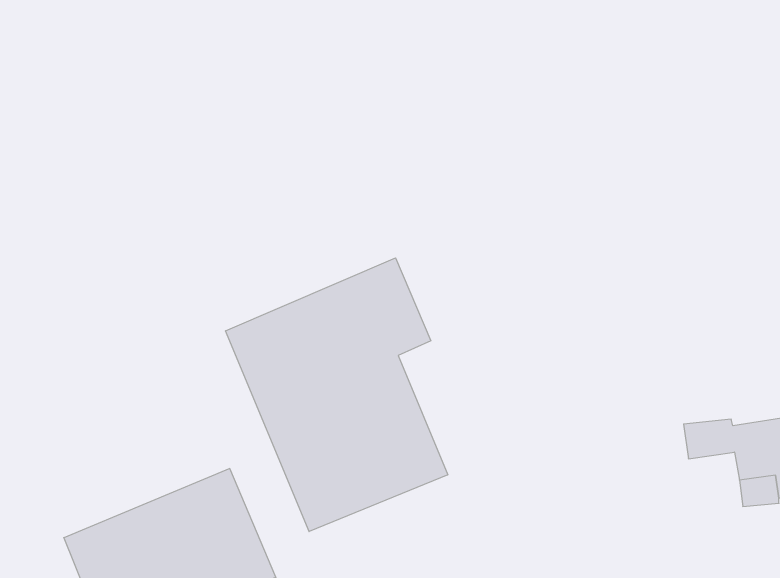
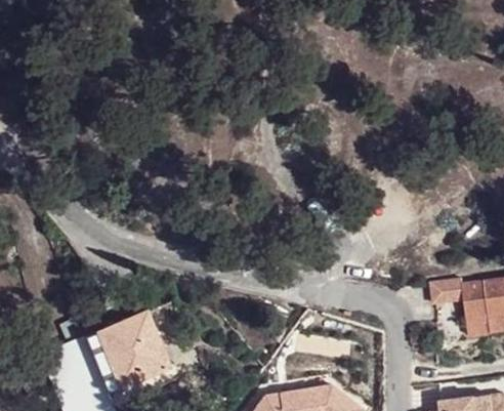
building: [226,258,448,532] -> none

